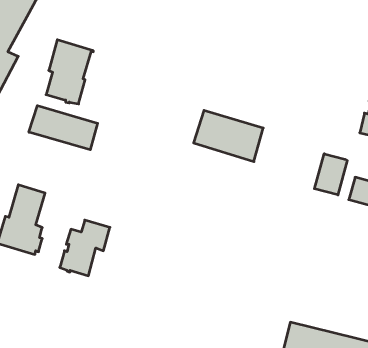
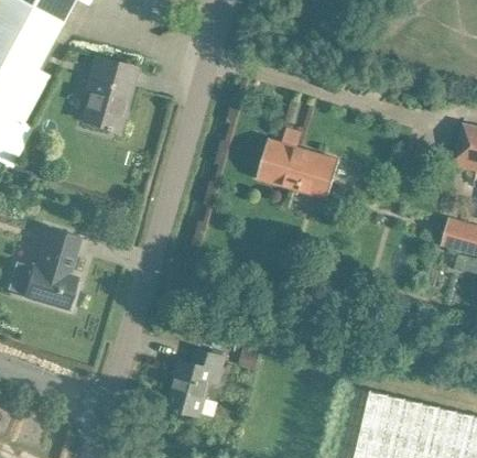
building: [29,106,98,150] -> none
building: [314,154,347,195] -> none
building: [60,220,110,276] -> [166,349,226,415]

